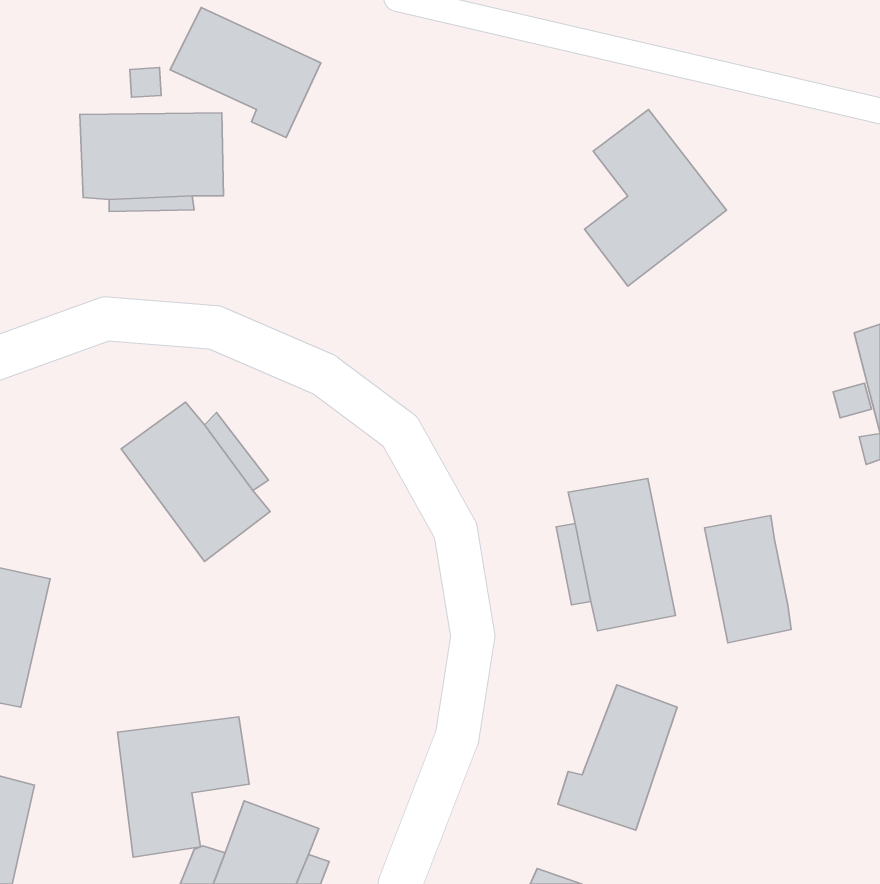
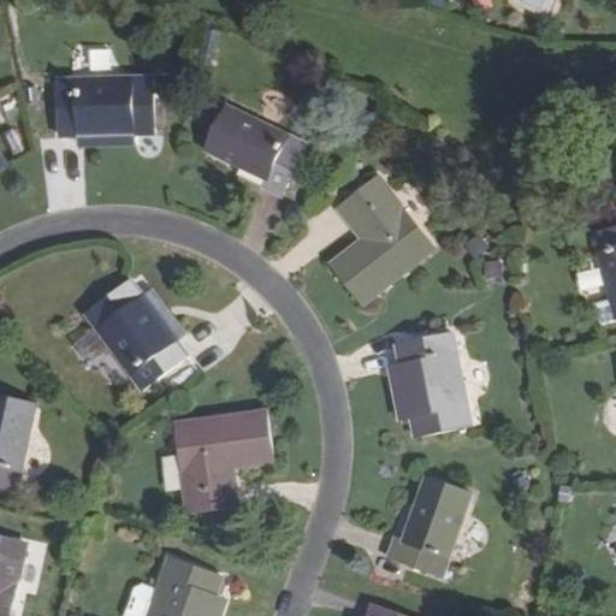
building: [170,7,321,137] -> [202,105,307,195]
building: [584,109,727,286] -> [333,178,432,301]
building: [704,515,791,643] -> none
building: [117,717,249,857] -> [179,413,271,510]

